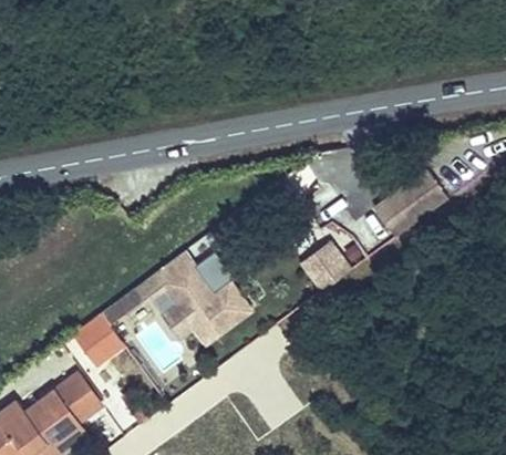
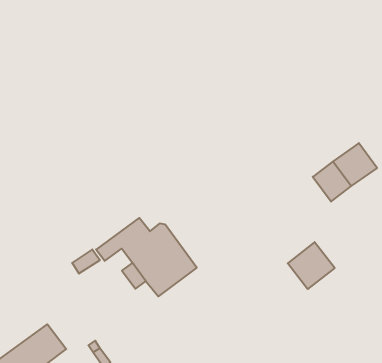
building: [296,237,350,291] -> [288,242,335,289]
building: [75,312,125,364] -> none

